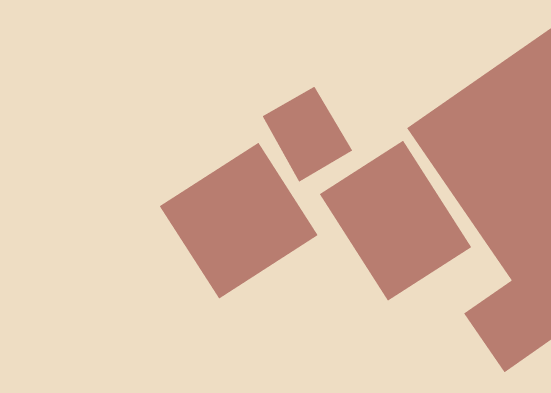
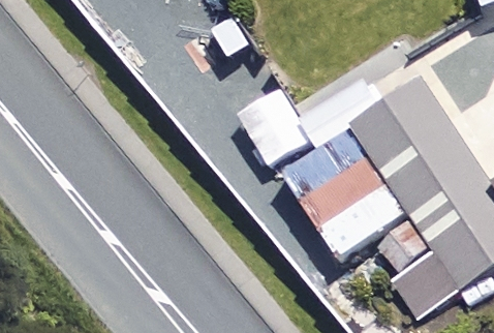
building: [159,142,319,299] -> none

